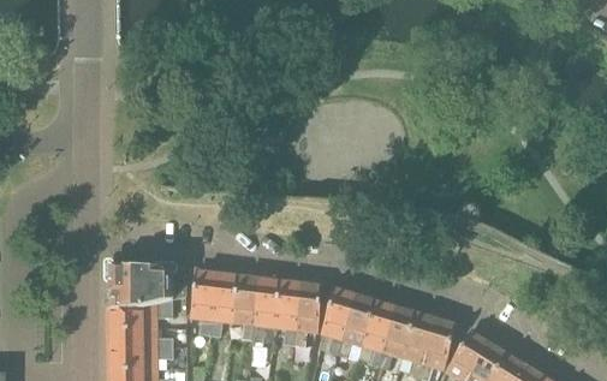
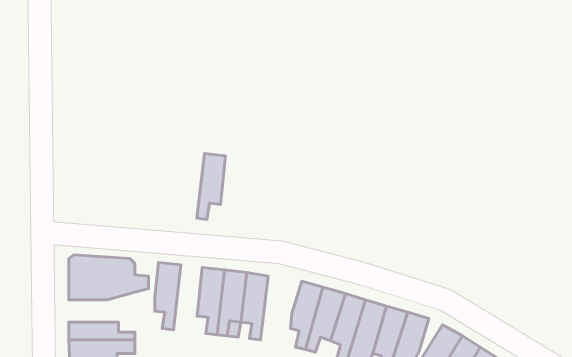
building: [210,274,238,338] -> [197,153,226,219]
building: [294,285,323,349] -> none
building: [109,300,173,329] -> none

